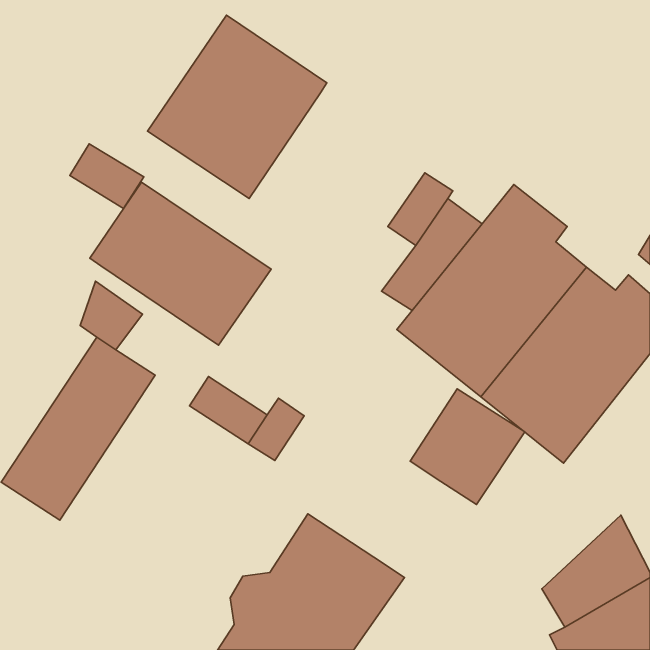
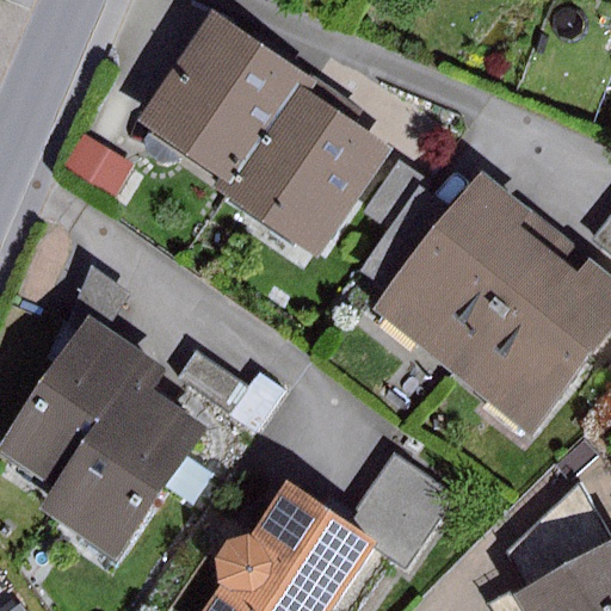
building: none -> [227,87,393,259]
building: [90,182,271,345] -> none
building: none -> [41,352,204,561]
building: [410,389,525,504] -> [351,455,458,563]

